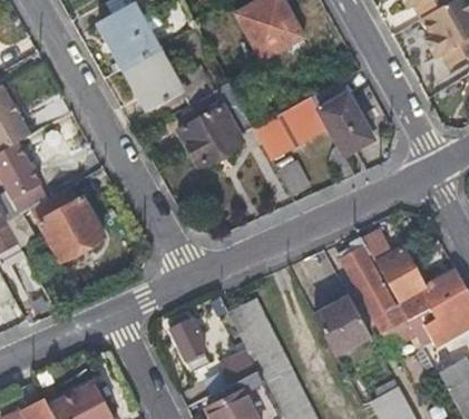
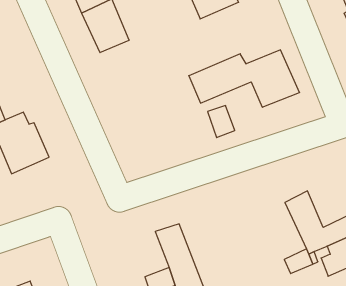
building: [178,82,252,168] -> none
building: [344,249,399,321] -> none
building: [317,296,373,355] -> none
building: [173,319,214,371] -> none

